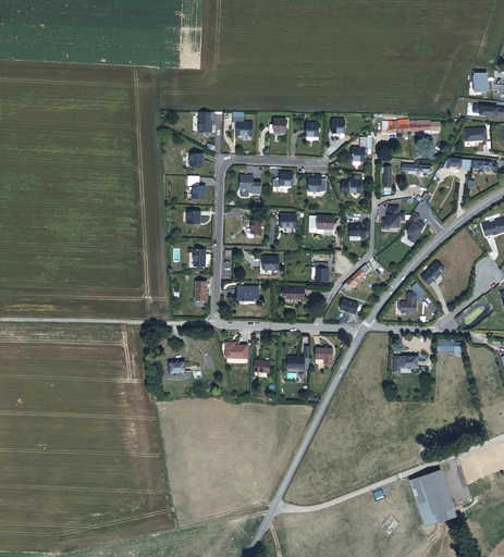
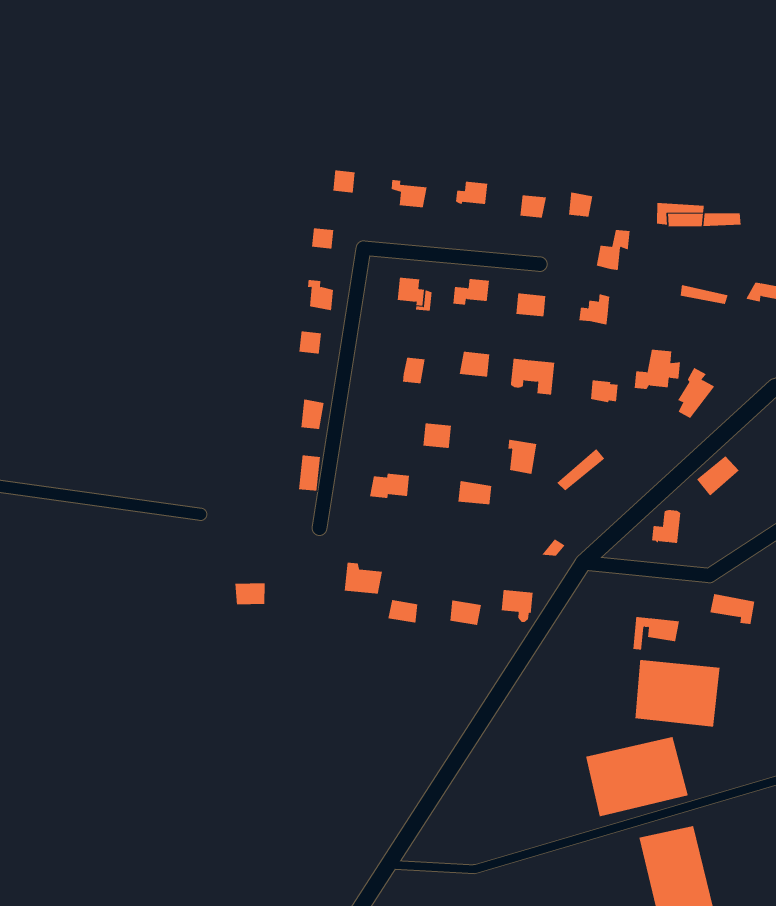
building: none -> [635,659,720,728]
building: none -> [585,736,689,817]

